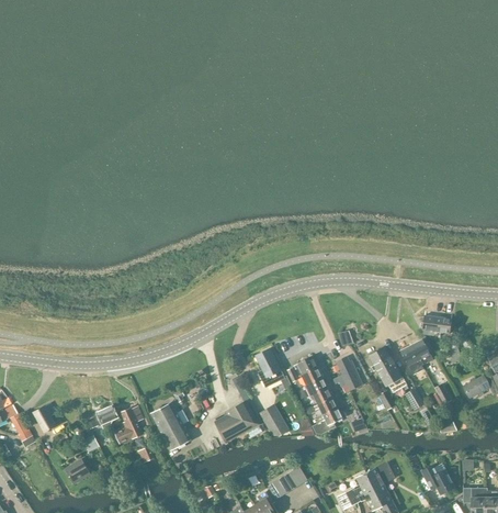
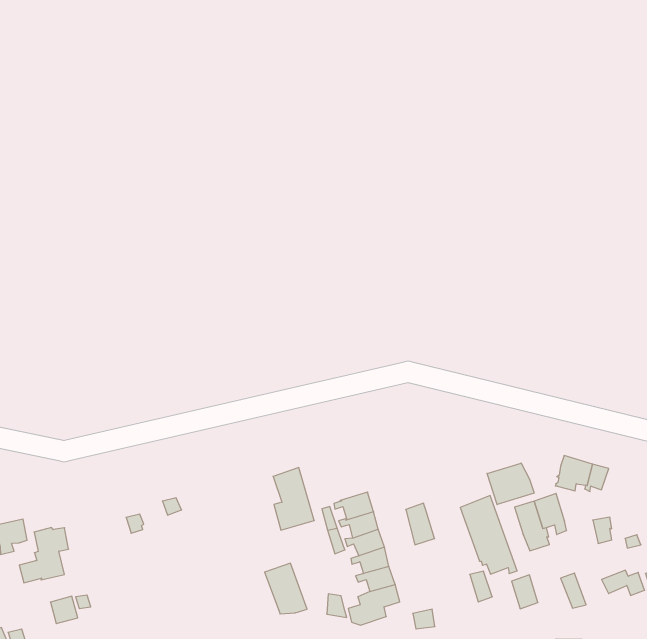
building: none -> [487,463,534,505]
building: [215,401,259,442] -> none
building: [150,402,191,449] -> none

